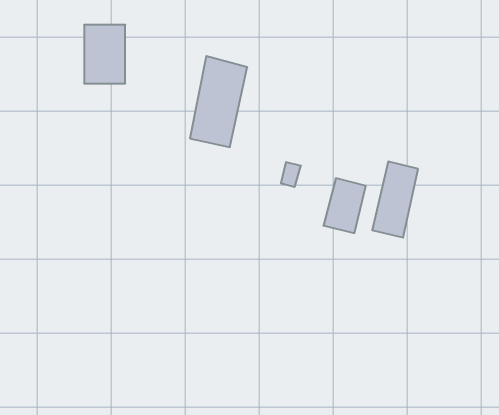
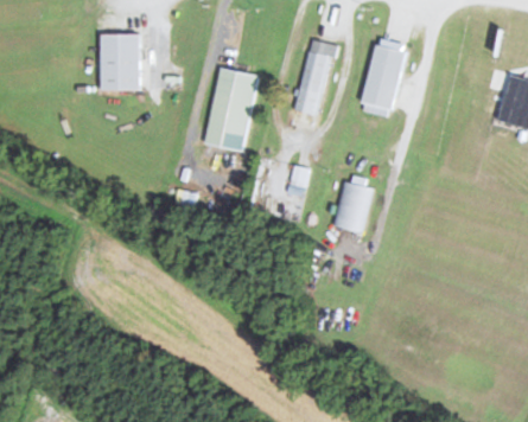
building: none -> [297,40,332,116]
building: [372,161,418,238] -> [363,44,407,116]

